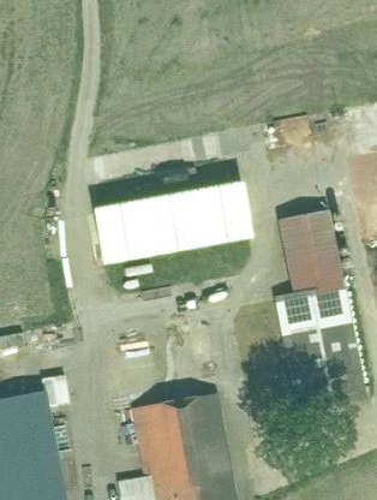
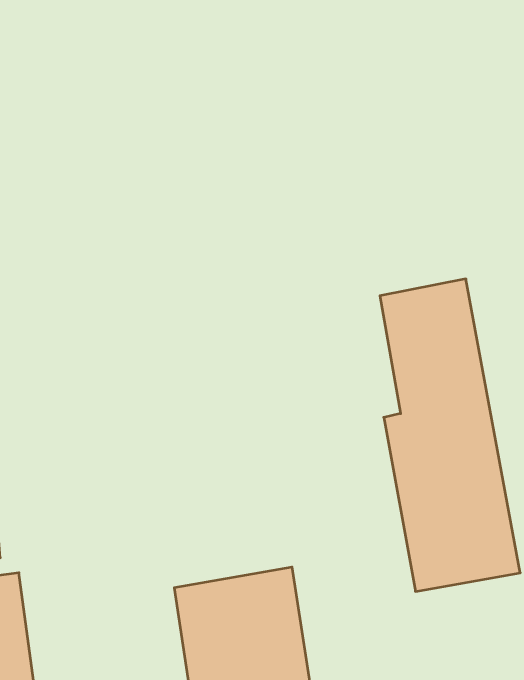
building: [96,183,251,263] -> none

